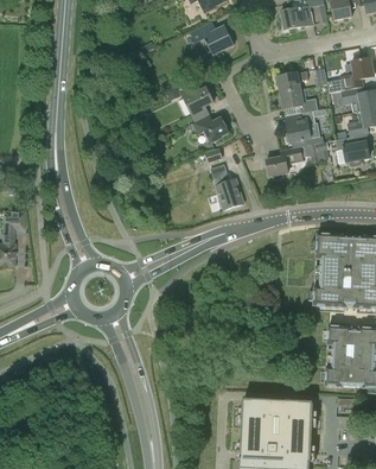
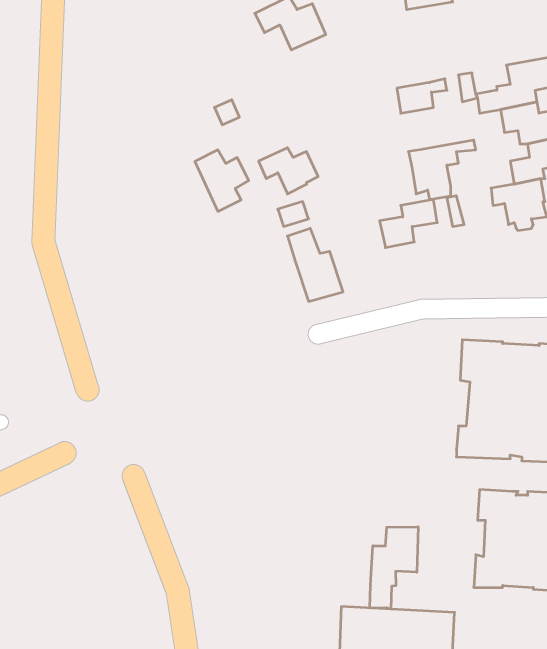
building: [180,81,214,119] -> [195,150,249,211]
building: [280,89,317,112] -> none
building: none -> [370,527,418,609]

